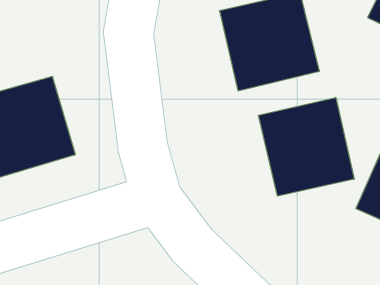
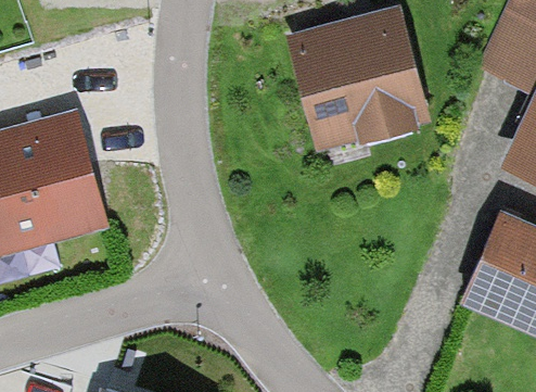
building: [259,97,354,196] -> none

